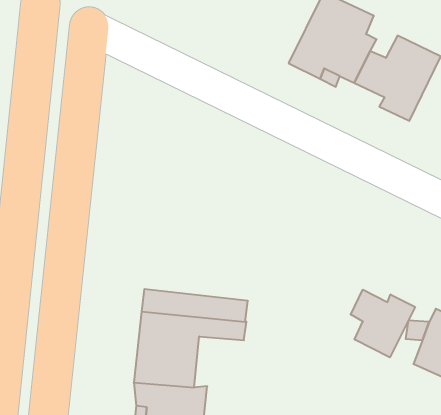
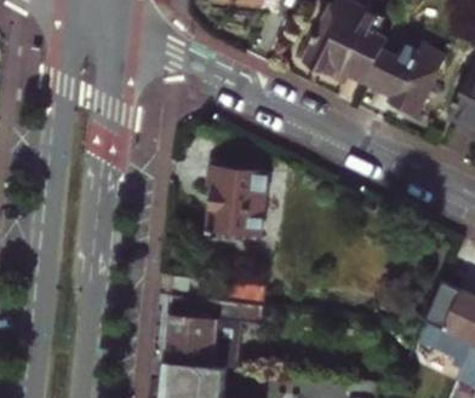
building: none -> [207,168,267,244]
building: [351,290,415,357] -> none

